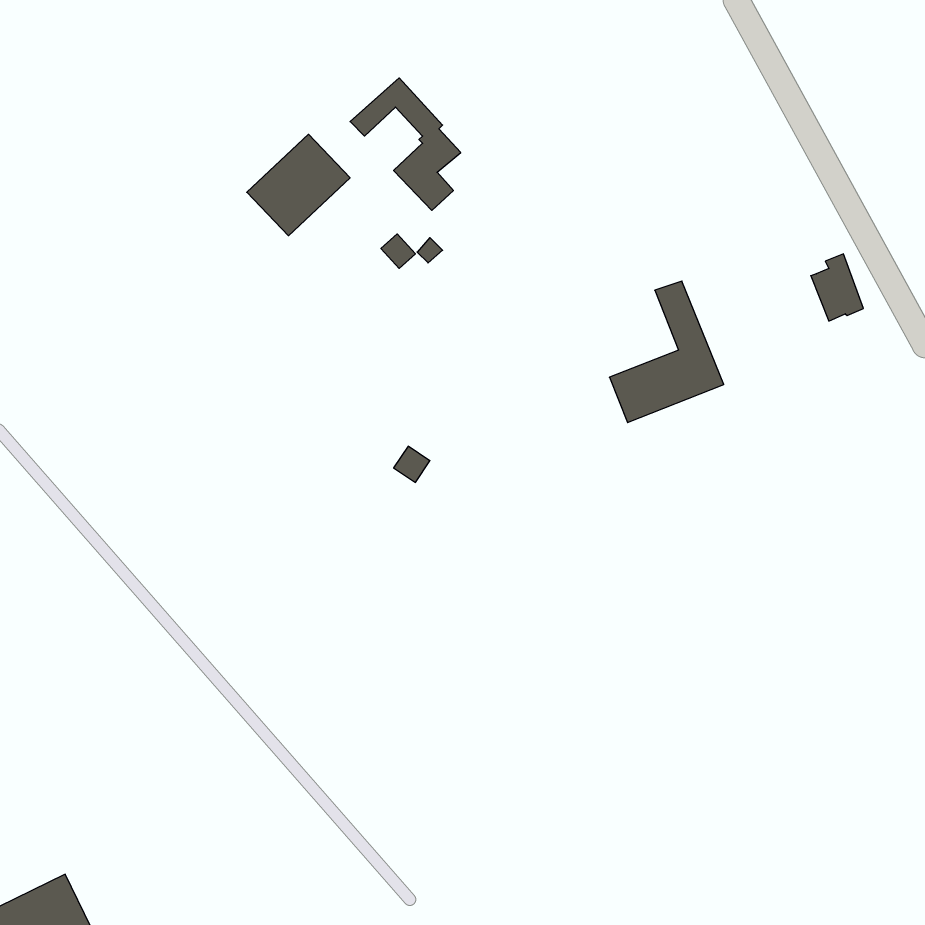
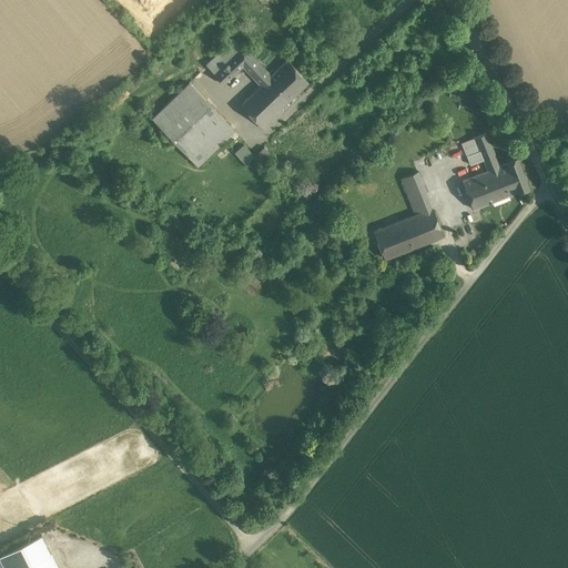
building: none -> [267,62,307,118]
building: none -> [176,110,234,166]
building: none -> [462,134,507,211]

